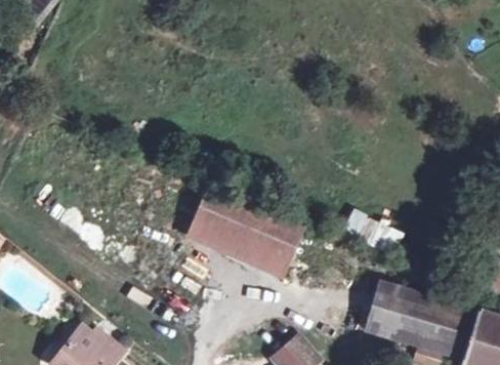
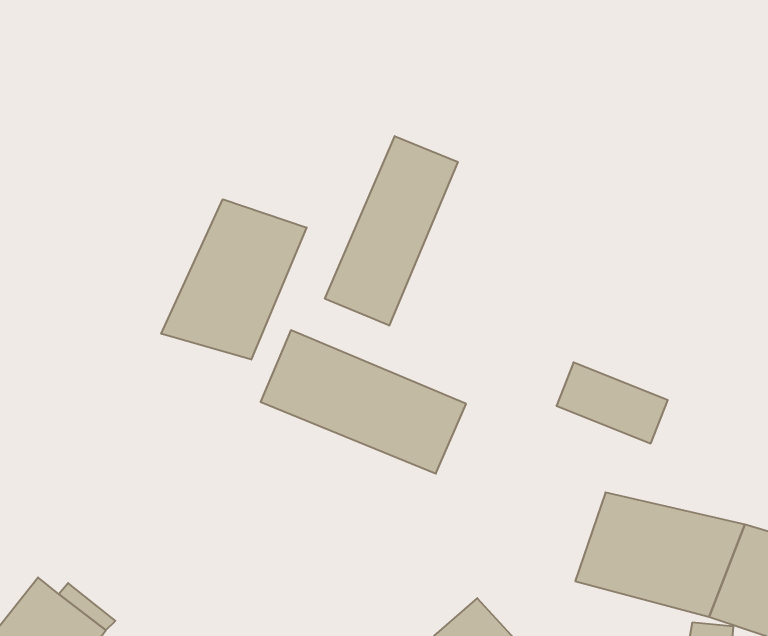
building: none -> [325,136,458,326]
building: none -> [161,199,307,360]

